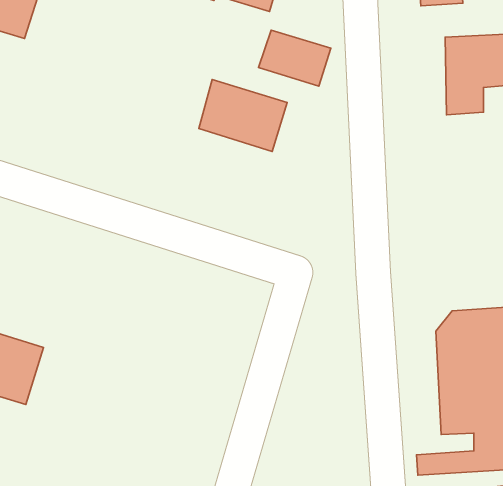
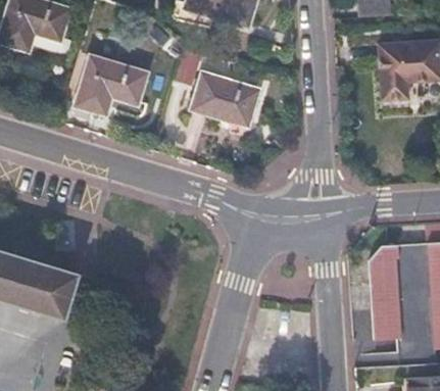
building: [258,30,331,86] -> none
building: none -> [77,56,149,115]

